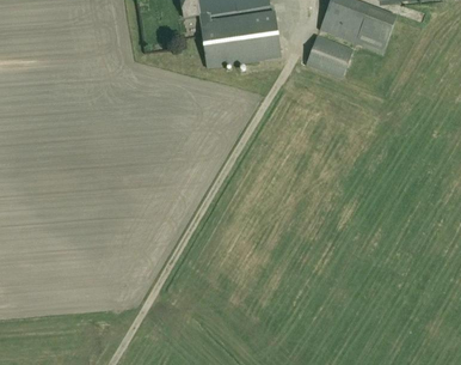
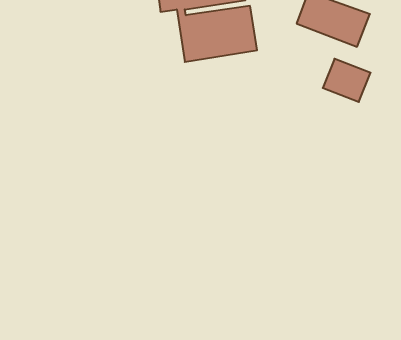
building: [305,36,354,80] -> [323,59,371,102]

